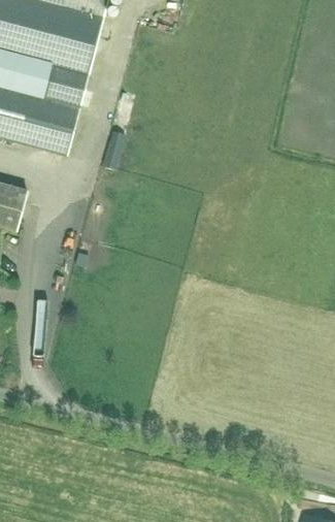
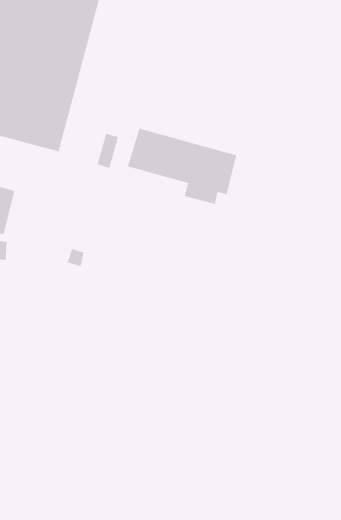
building: none -> [127,128,237,205]

